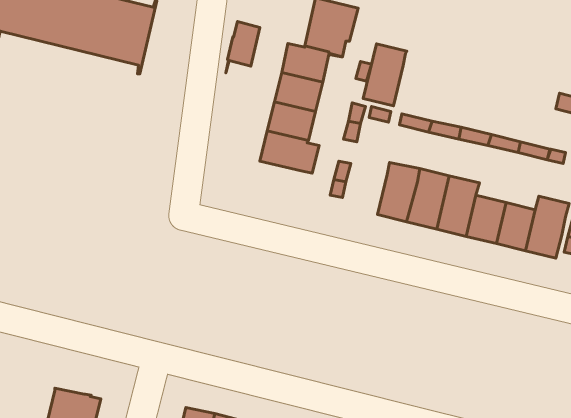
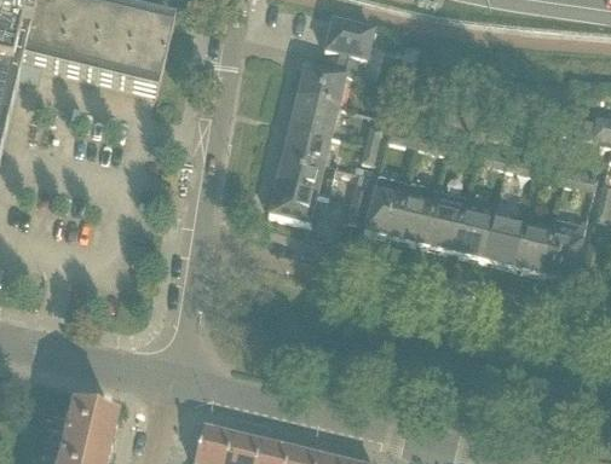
building: [226,21,260,73] -> none
building: [363,44,407,106] -> [363,173,407,234]
building: none -> [269,181,317,222]

